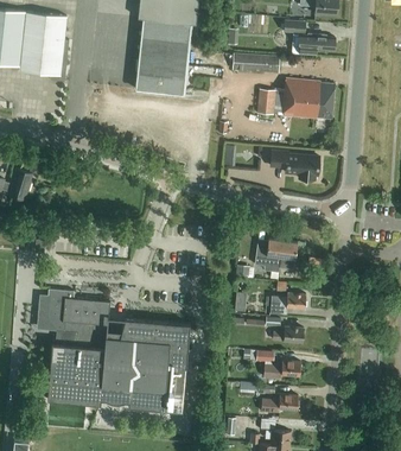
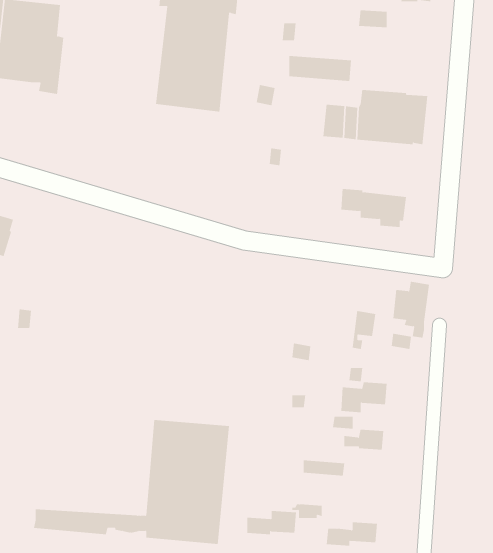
building: [292,33,335,55] -> none
building: [255,237,282,279] -> [392,281,430,338]
building: [38,288,134,389] -> none
building: [263,360,300,377] -> [246,511,297,535]

